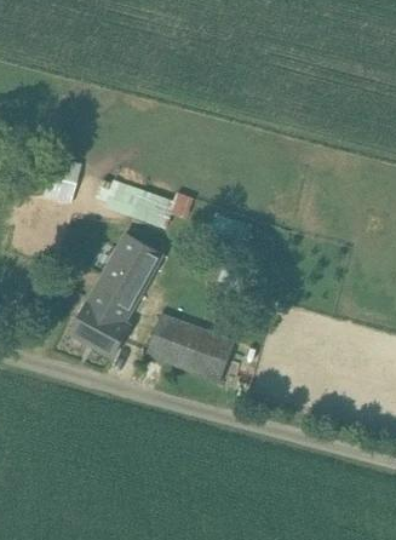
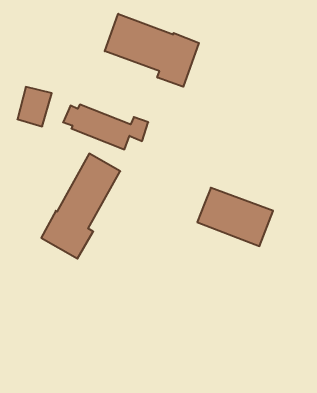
building: none -> [105,14,199,87]
building: [145,314,234,381] -> [197,188,273,246]

